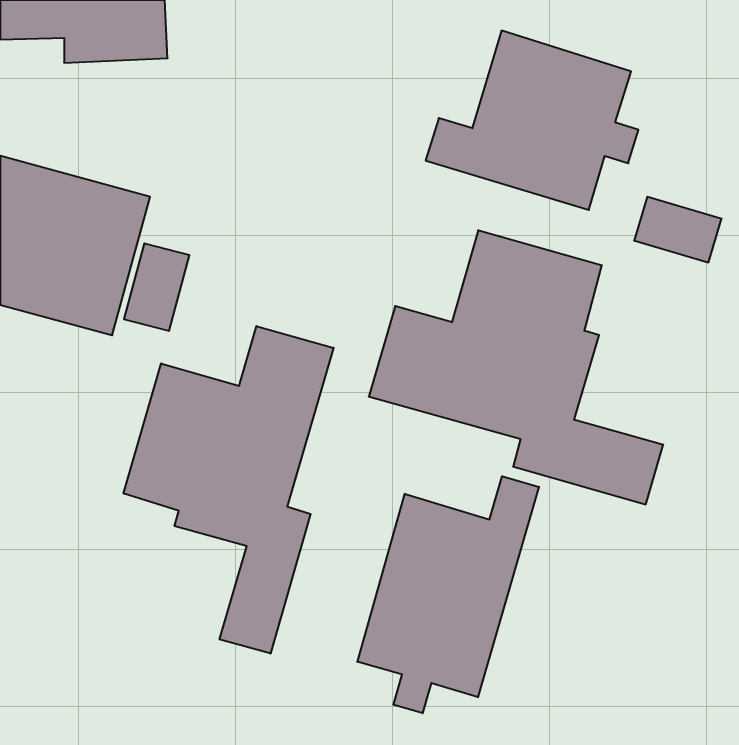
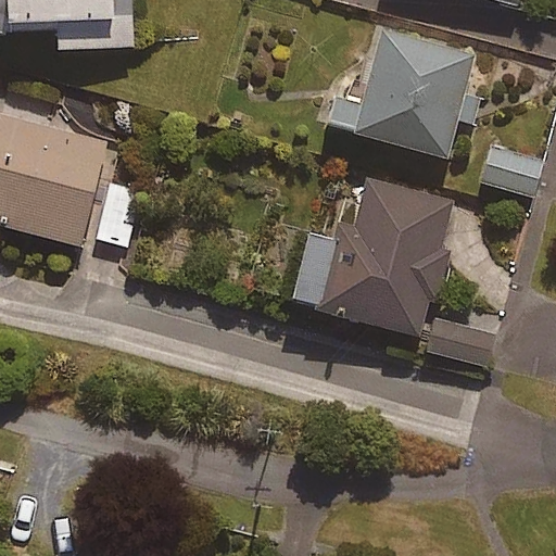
building: [124,326,334,654] -> none
building: [357,476,539,713] -> none

